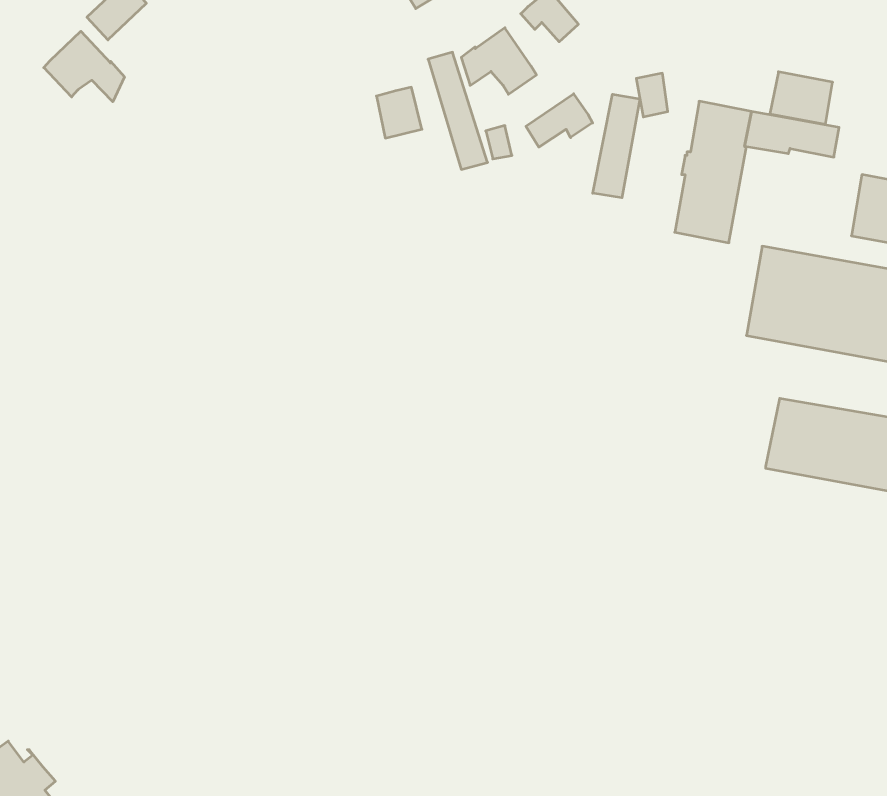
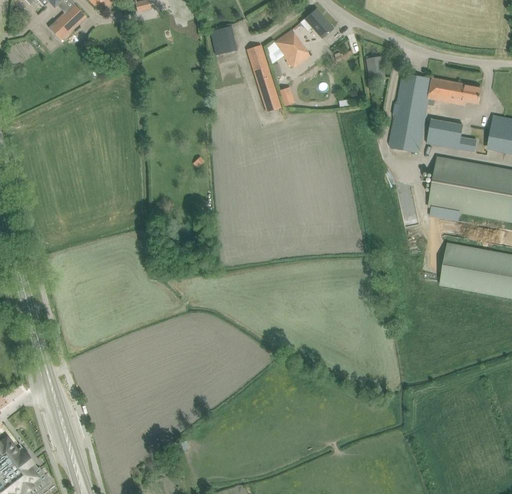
building: [44,31,124,102] -> none
building: [770,72,833,124] -> [427,118,463,148]
building: [376,87,422,138] -> [211,25,237,54]
building: [526,94,593,147] -> none
building: [593,94,640,198] -> none

